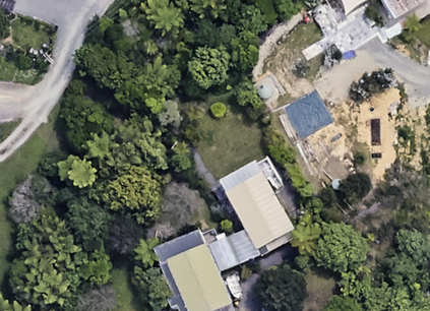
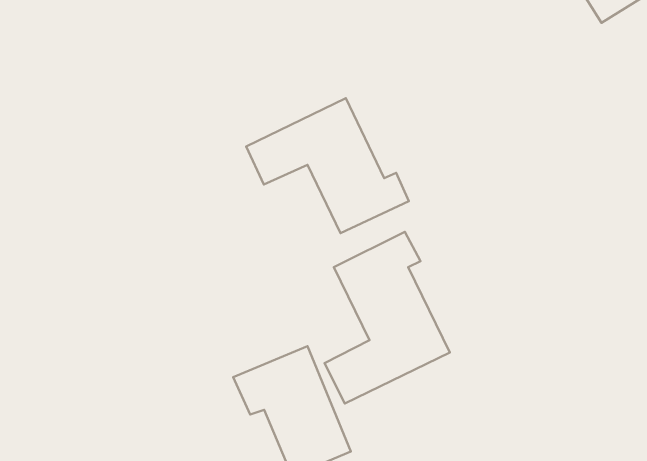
building: none -> [246,98,409,233]

